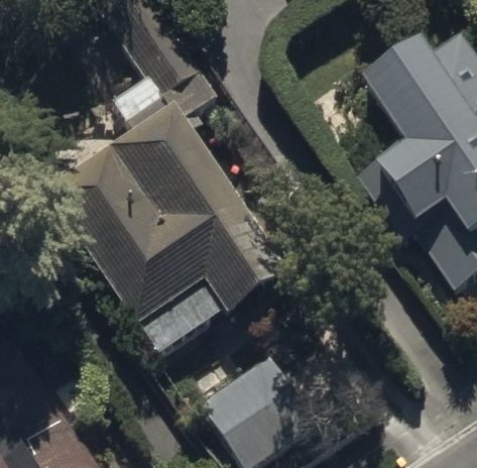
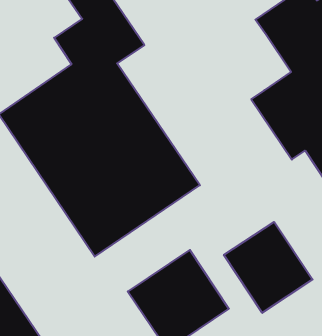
building: none -> [224,222,313,313]

